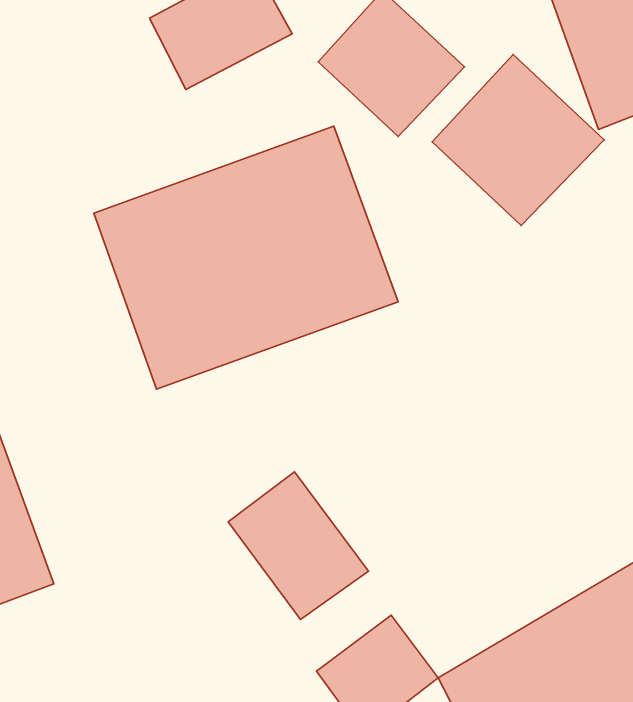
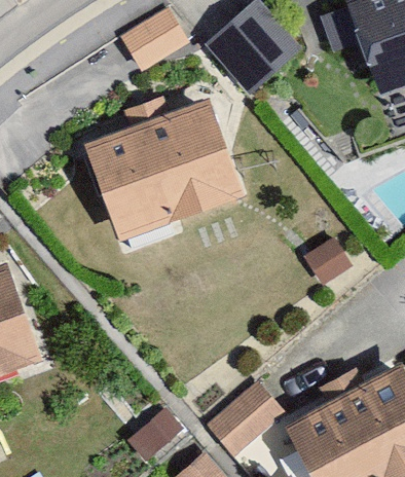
building: [432,54,604,226] -> none
building: [228,472,369,619] -> none

